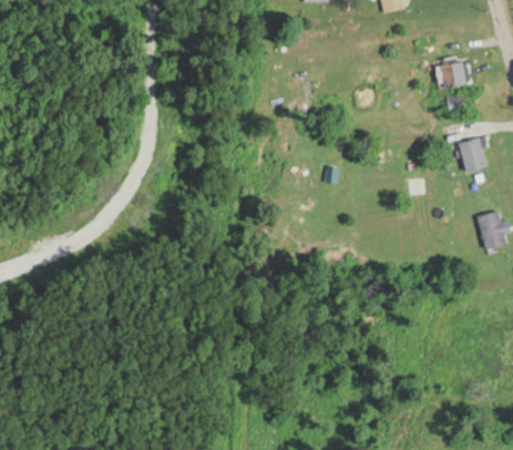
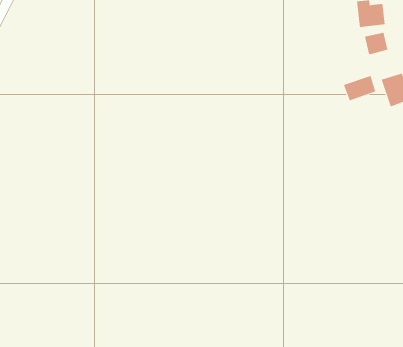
building: none -> [343,75,376,101]

